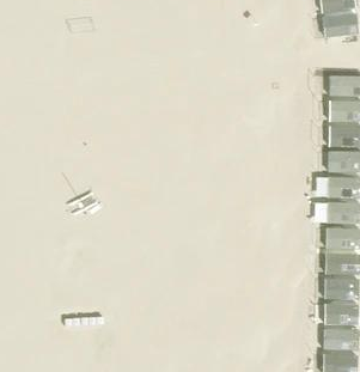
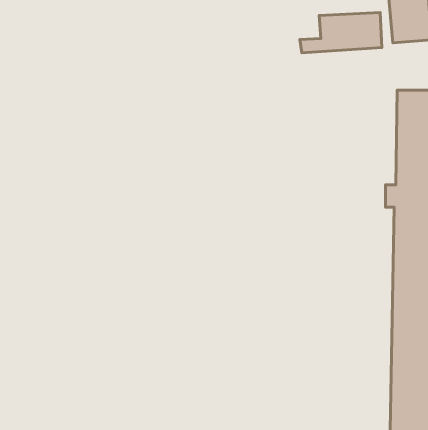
building: none -> [300,12,382,53]

